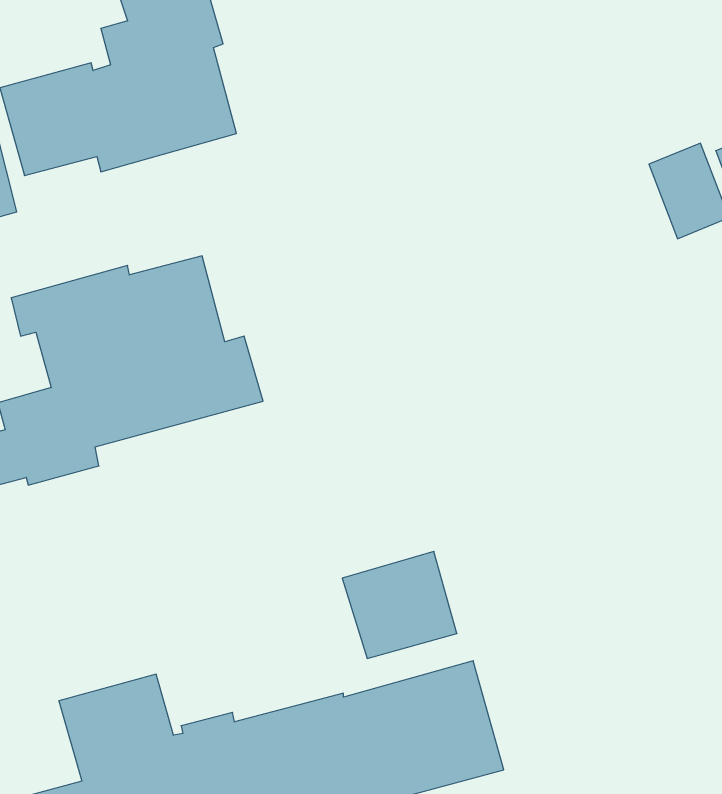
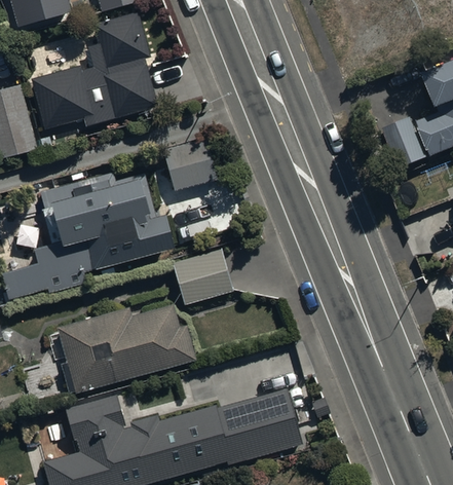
building: none -> [163,136,219,191]
building: none -> [59,307,196,399]
building: [342,551,457,658] -> [171,246,232,303]

